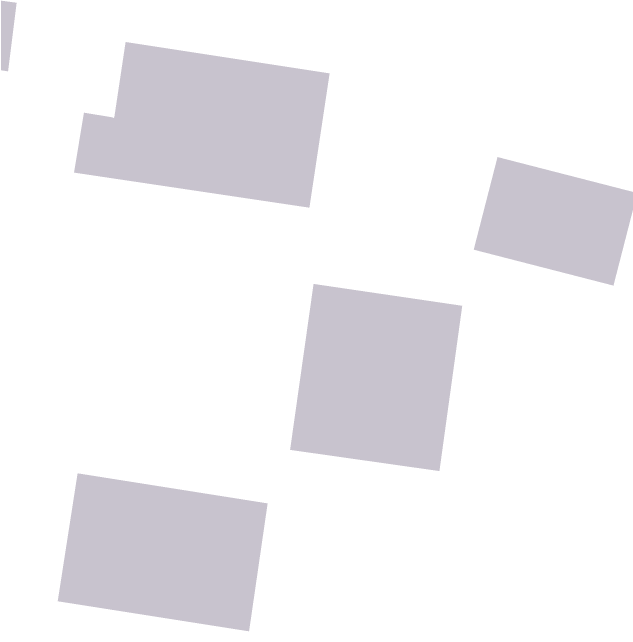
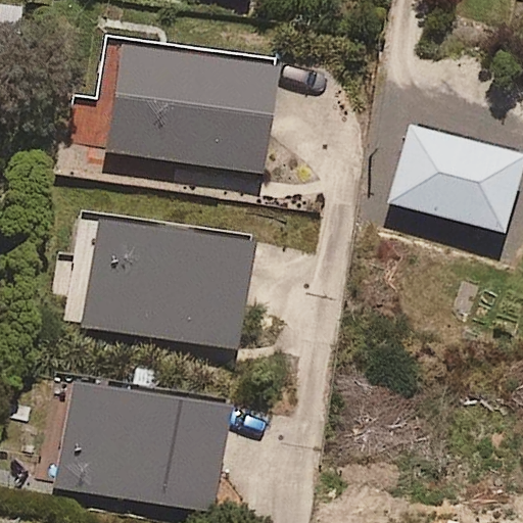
building: none -> [80,220,253,348]
building: [290,283,463,472] -> none

